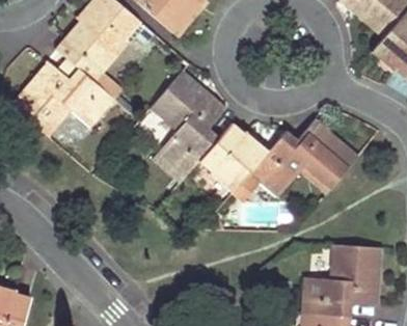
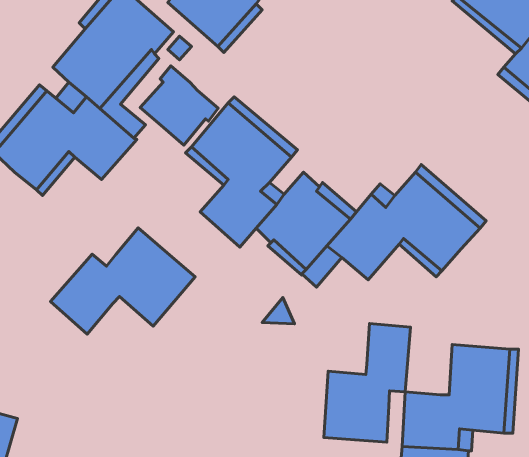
building: none -> [140,66,218,145]
building: none -> [51,228,195,334]
building: none -> [324,323,410,442]

